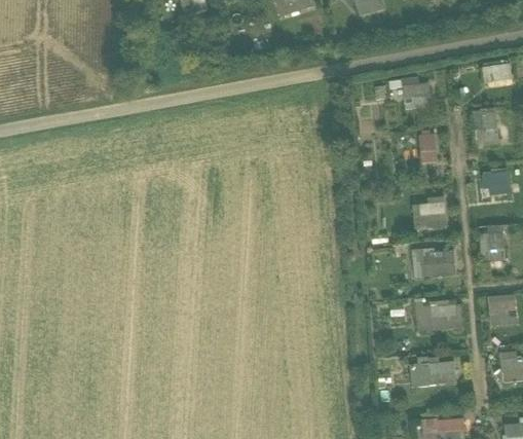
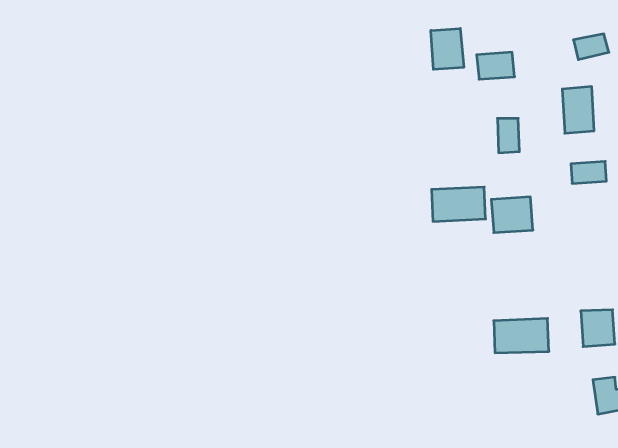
building: none -> [431,28,464,69]
building: [487,225,507,262] -> none
building: [411,249,456,278] -> [432,187,486,221]
building: [411,356,455,387] -> none

